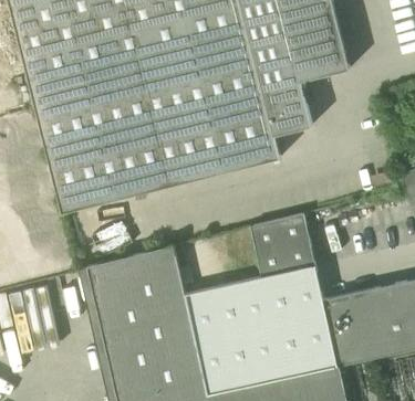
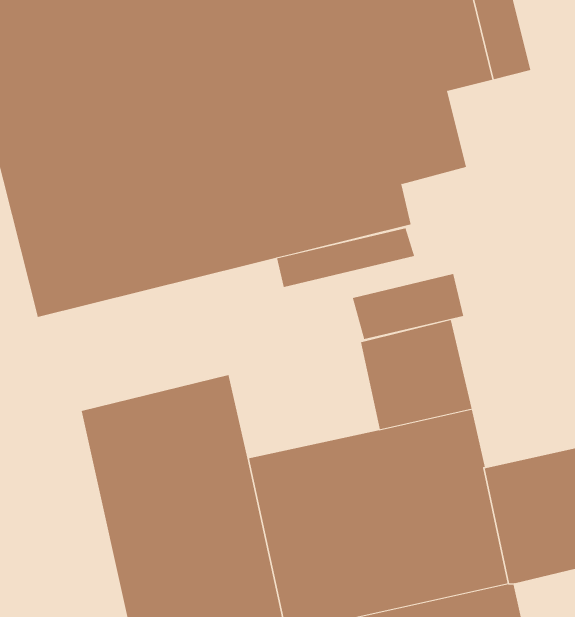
building: none -> [277,228,415,288]
building: none -> [352,273,464,340]

